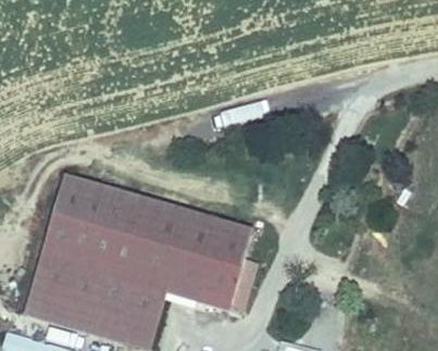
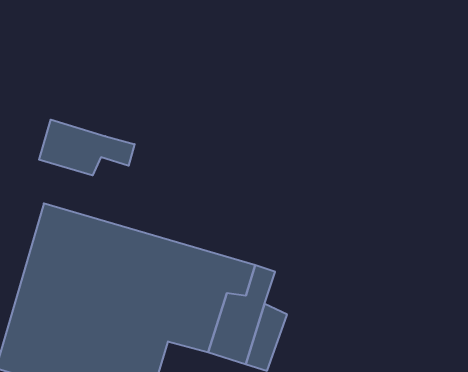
building: none -> [39,120,135,175]

